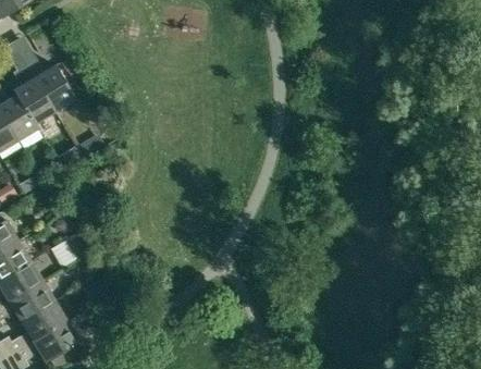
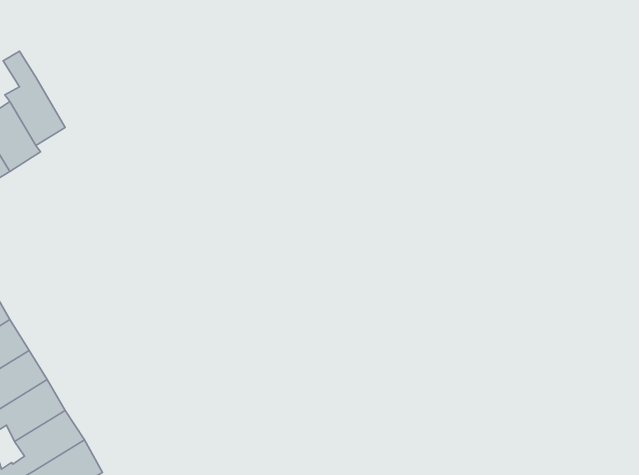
building: [24,54,76,111] -> none

